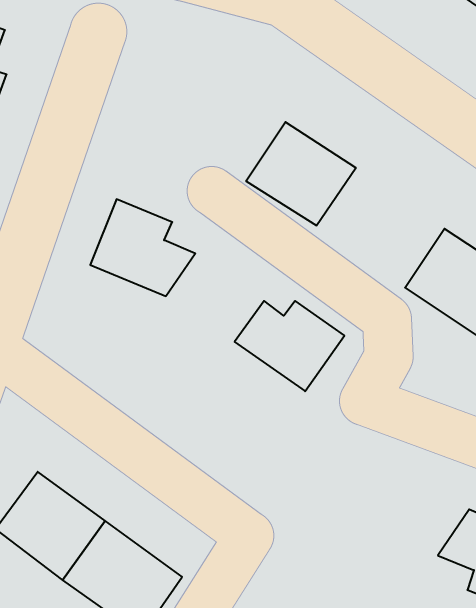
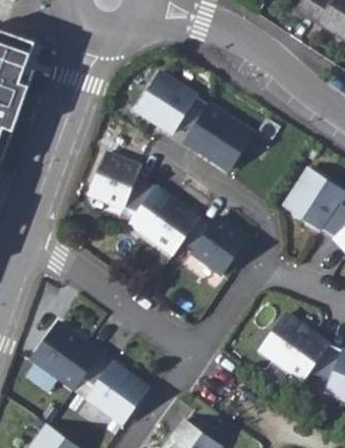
building: none -> [135,70,209,139]
building: none -> [127,184,195,249]
building: none -> [257,314,323,380]

